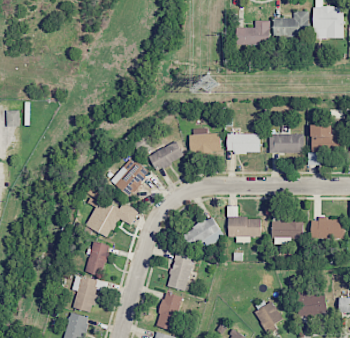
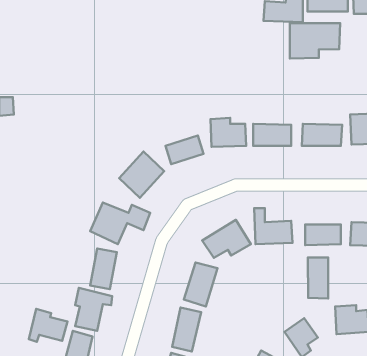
building: none -> [290,23,340,59]
building: none -> [308,257,328,299]
building: none -> [29,309,68,342]

